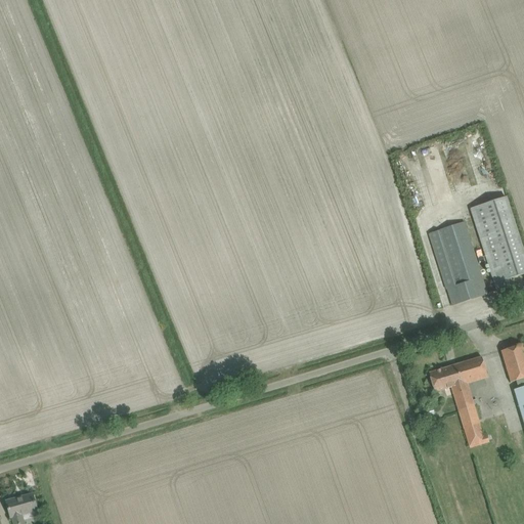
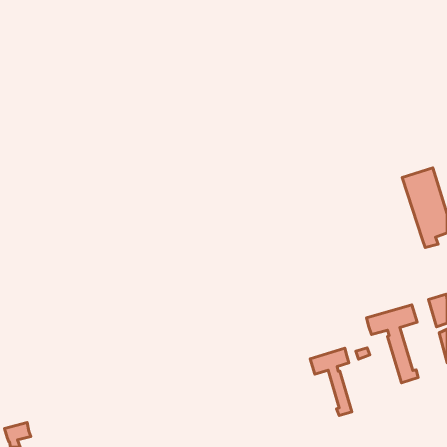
building: [428,221,486,303] -> none
building: none -> [310,348,352,415]

